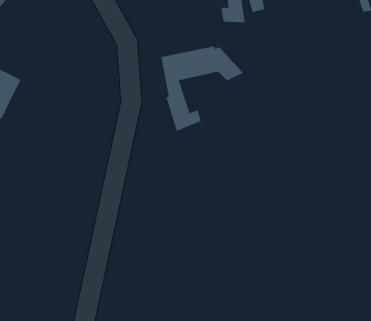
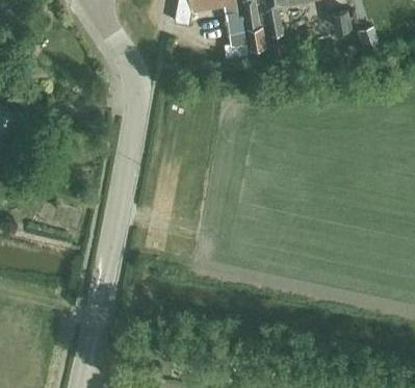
building: [161,45,244,131] -> none

